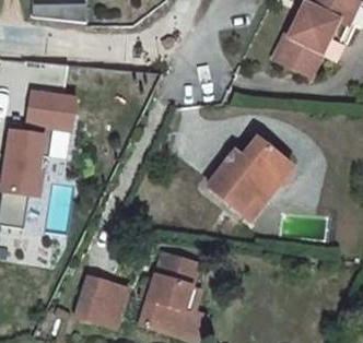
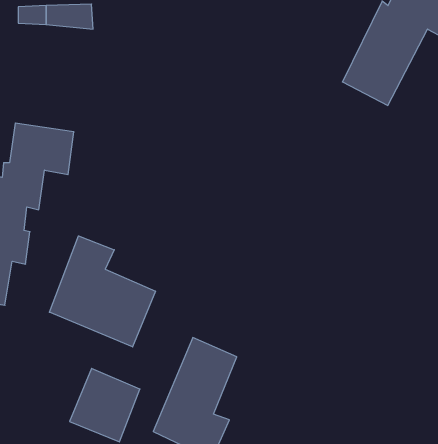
building: [210,139,294,212] -> none
building: none -> [49,236,155,347]

